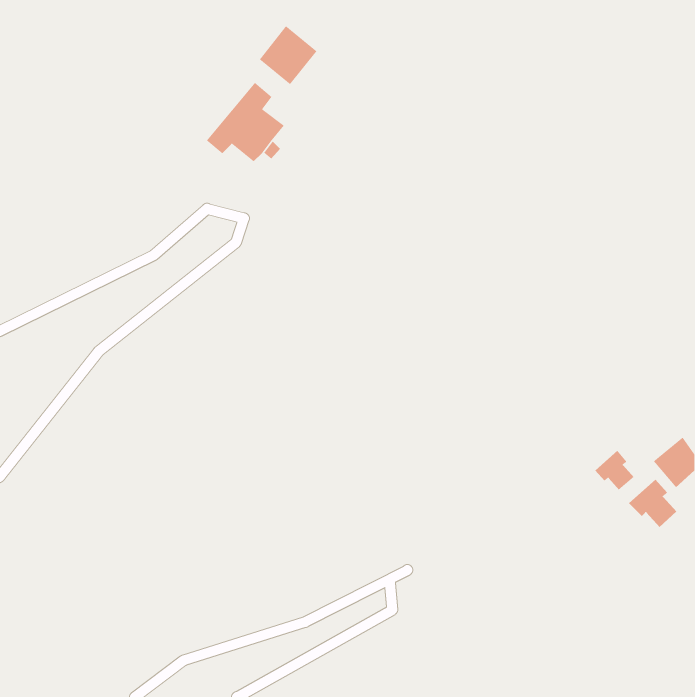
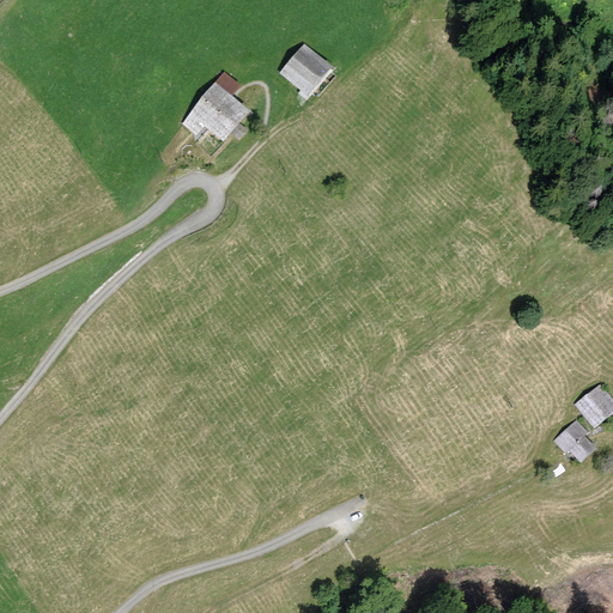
building: [259,25,317,85] -> [279,43,330,96]
building: [595,450,634,491] -> none

